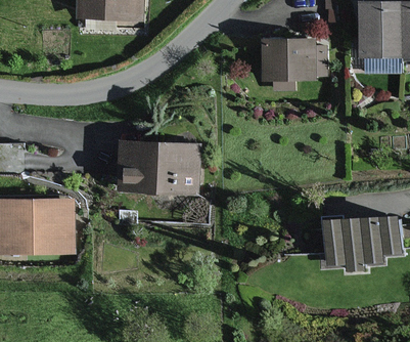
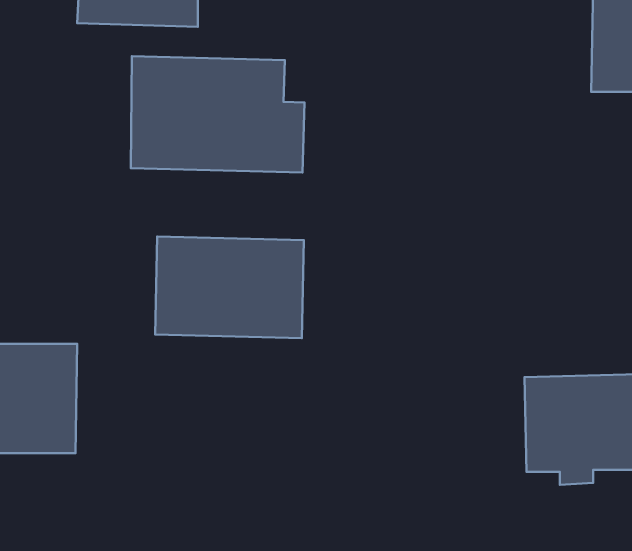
building: [260,35,324,91] -> none
building: none -> [131,56,304,173]

